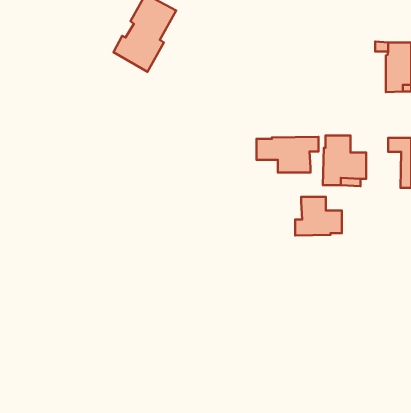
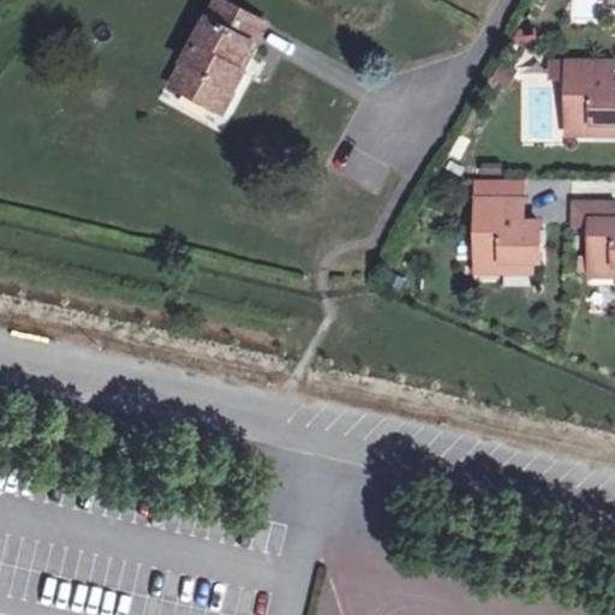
building: [257,137,319,173] -> none
building: [295,197,342,235] -> none

